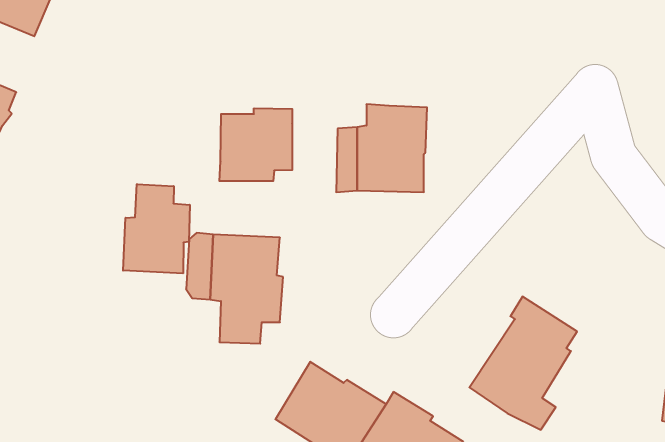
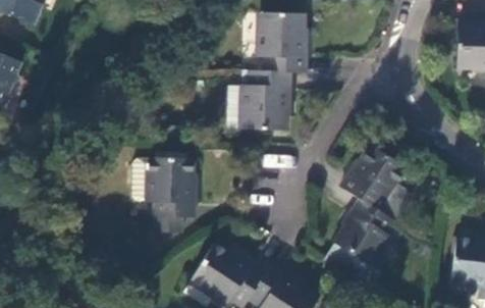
building: none -> [260,13,310,73]
building: [219,108,292,181] -> none
building: [123,184,190,273] -> none
building: none -> [337,147,406,215]

